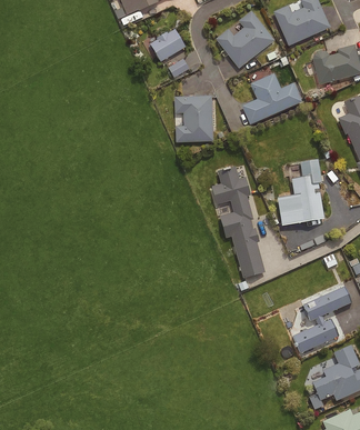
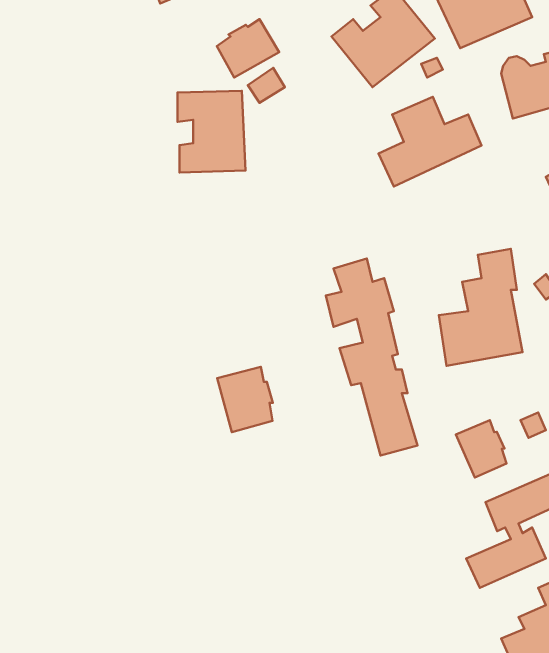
building: [174,96,213,142] -> [177,91,246,172]
building: none -> [217,367,273,432]
building: none -> [456,420,506,478]

